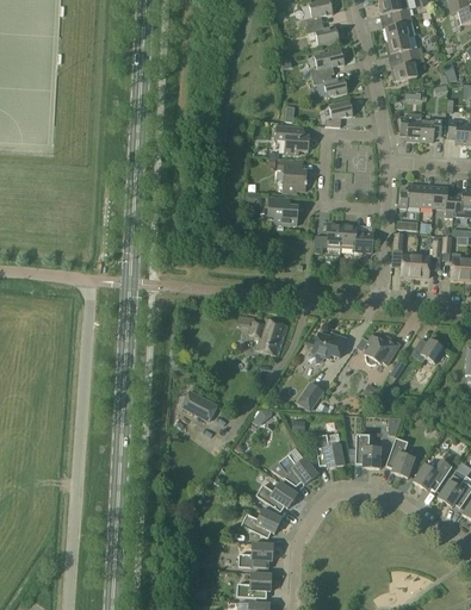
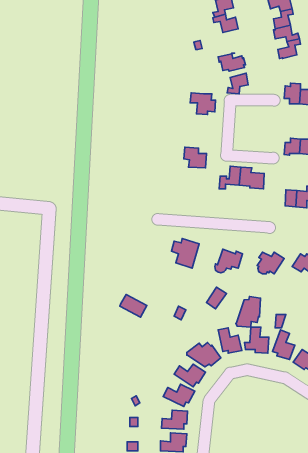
building: [311,48,347,77] -> none
building: [279,161,308,192] -> none
building: none -> [236,296,260,327]

